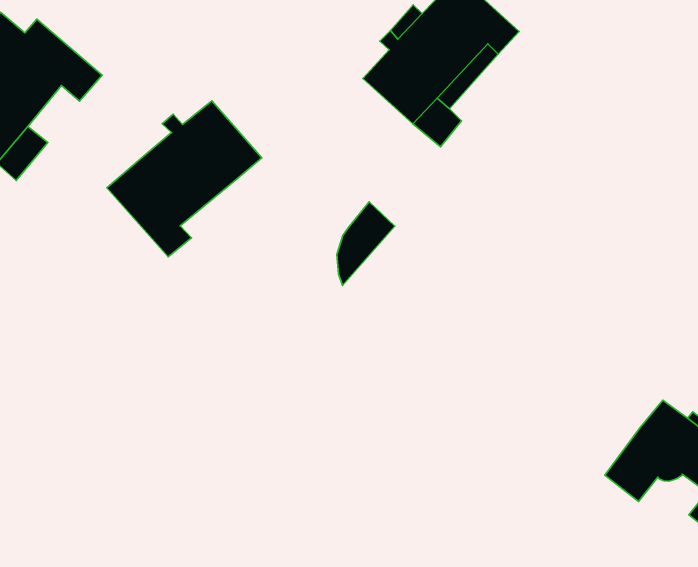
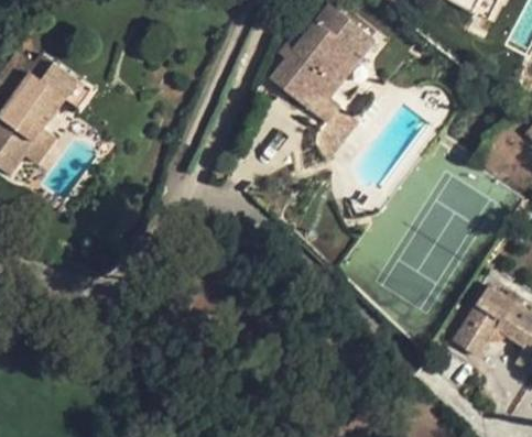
building: [107,101,262,257] -> none
building: [337,202,395,285] -> [321,105,359,163]

